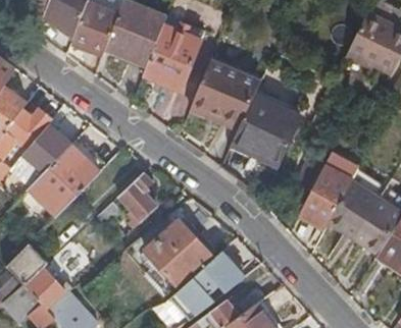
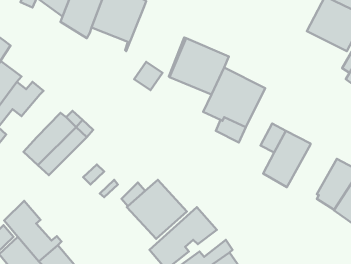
building: [144,25,200,91] -> none
building: [22,124,70,172] -> none
building: [118,173,156,220] -> none
building: [328,180,381,236] -> none

